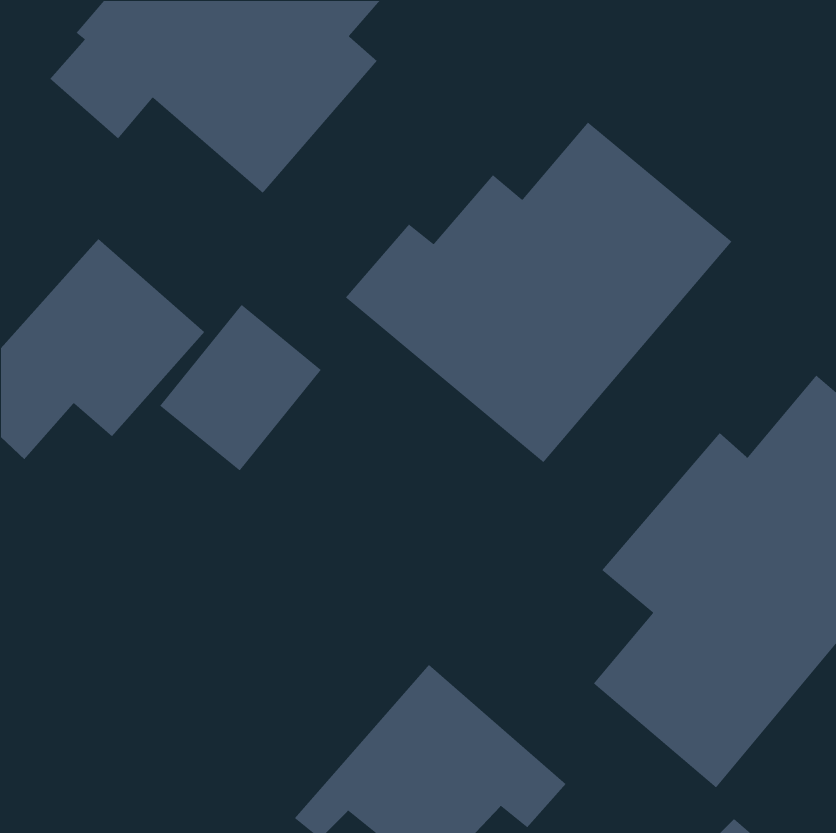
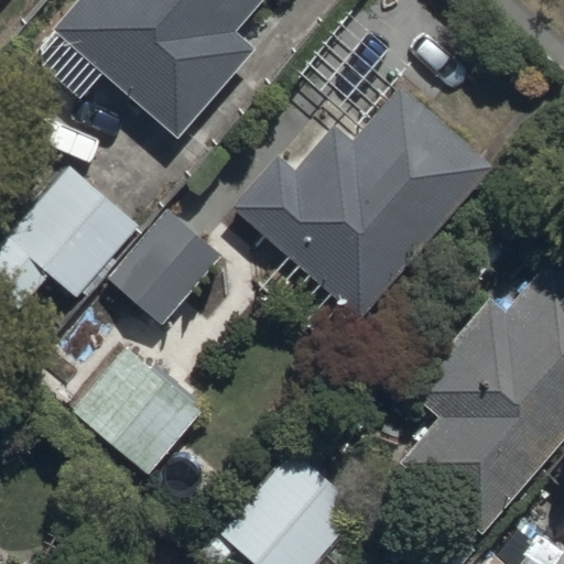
building: none -> [69,345,203,476]

